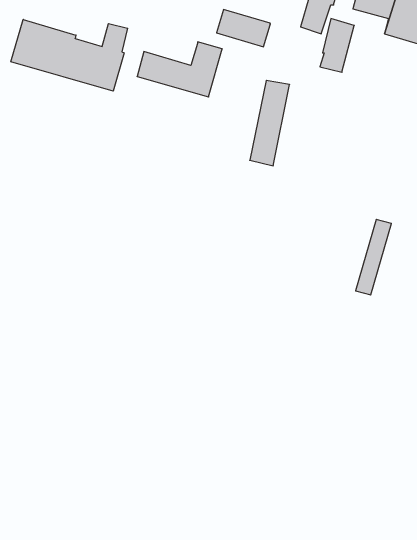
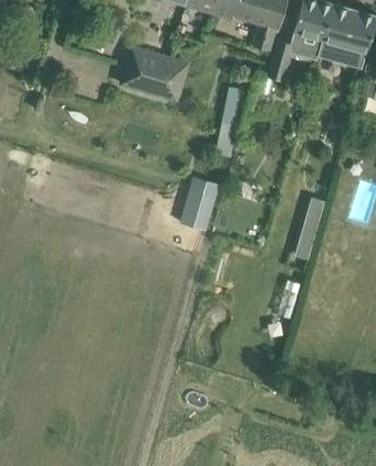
building: [217,10,270,47] -> [128,47,170,77]
building: [11,19,128,91] -> none
building: none -> [178,188,212,229]

